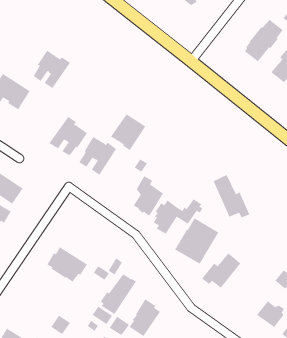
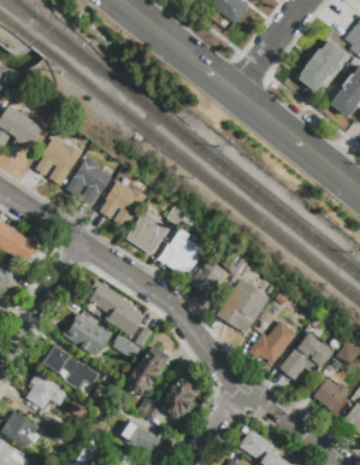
building: [33,50,71,89] -> [35,137,81,184]
building: [110,114,146,151] -> [125,211,169,255]
building: [213,174,250,218] -> none
building: none -> [85,279,144,336]
building: none -> [278,332,332,382]
building: none -> [42,345,99,390]
building: none -> [25,371,69,410]

